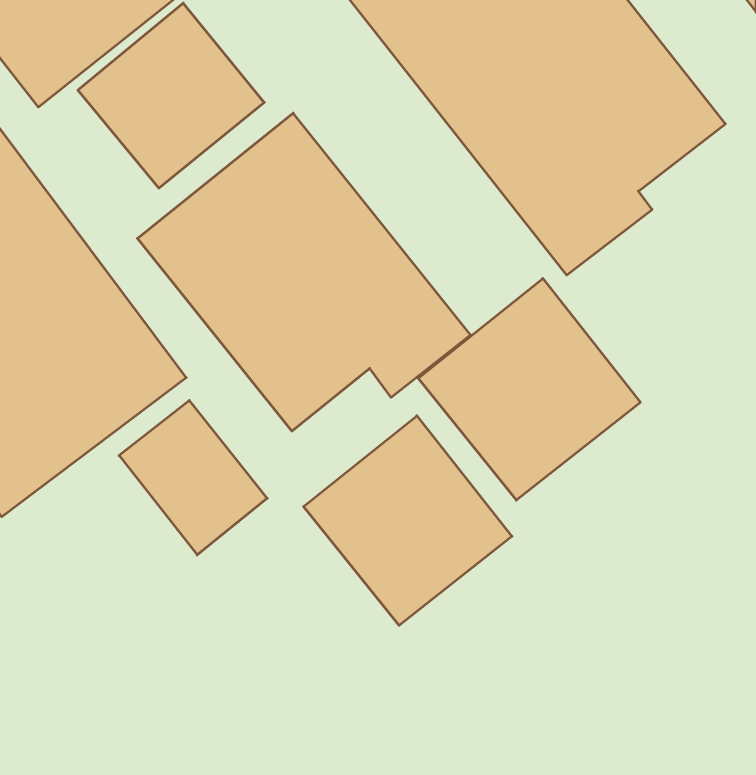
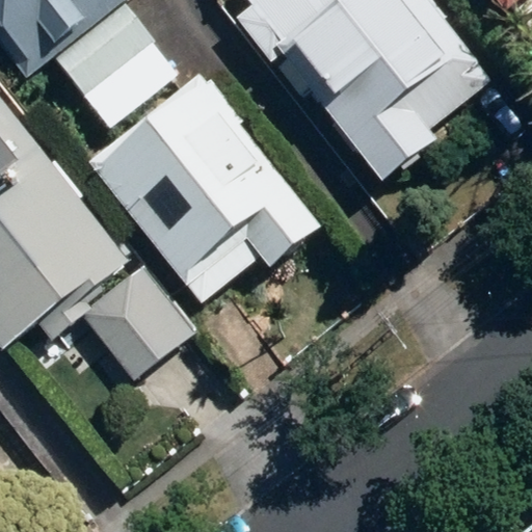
building: [418,278,640,500] -> none
building: [304,416,512,625] -> none

